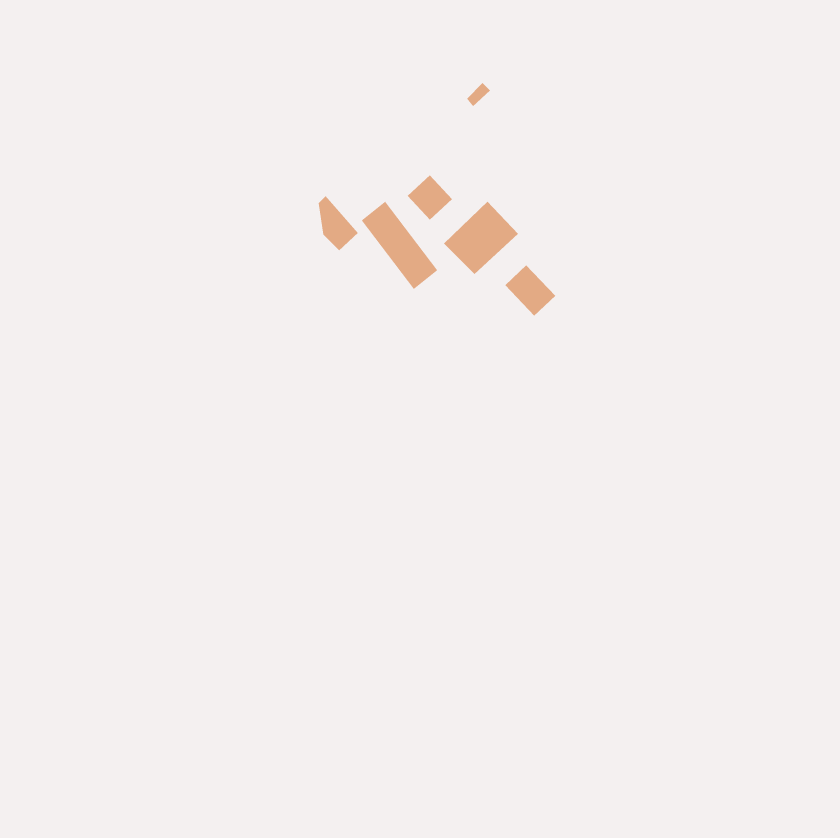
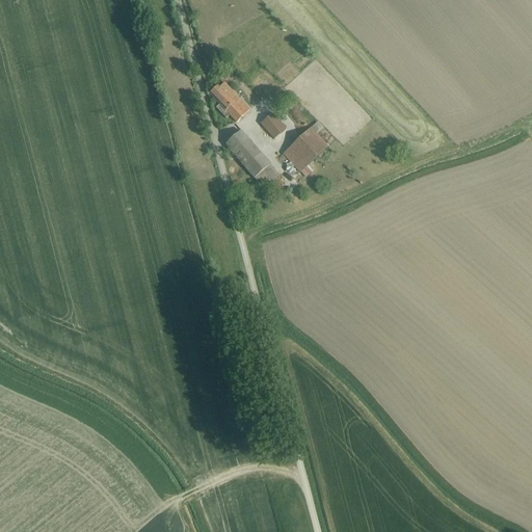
building: [318,195,359,251] -> [215,80,241,115]
building: [504,264,556,317] -> none

